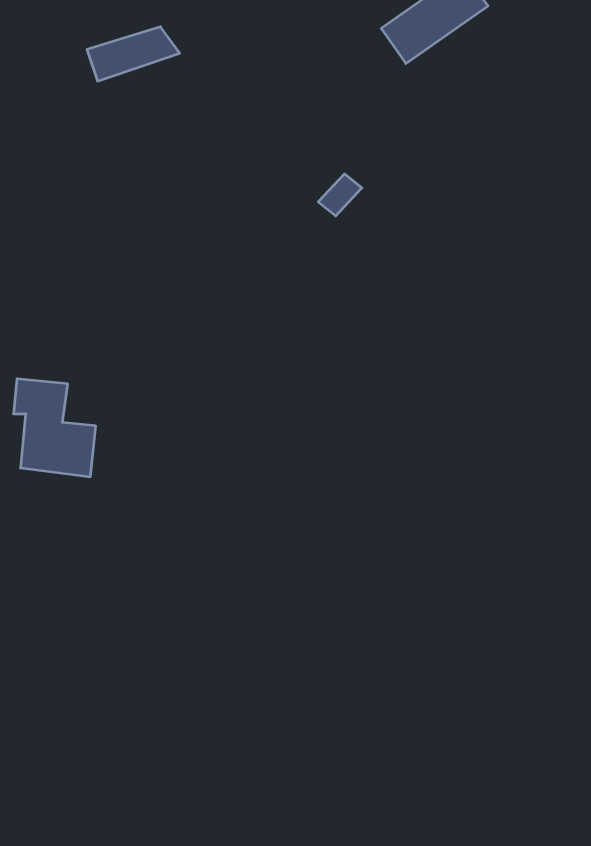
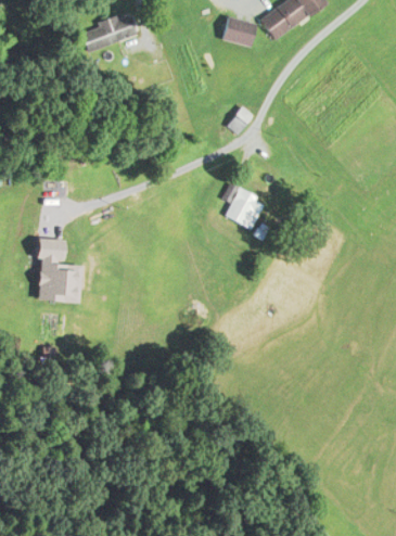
building: none -> [222,18,259,47]
building: none -> [221,183,257,225]

